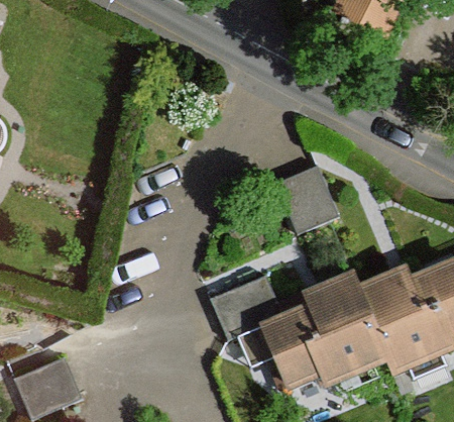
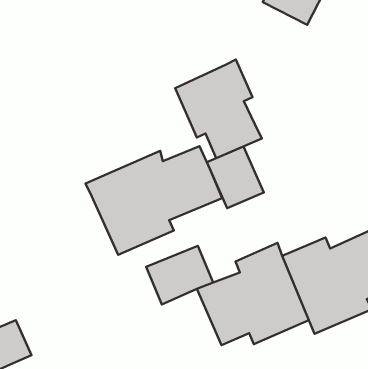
building: none -> [175,59,262,158]
building: none -> [85,146,222,255]

